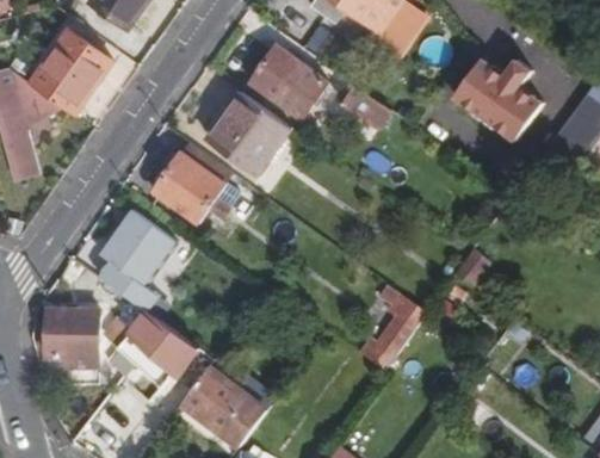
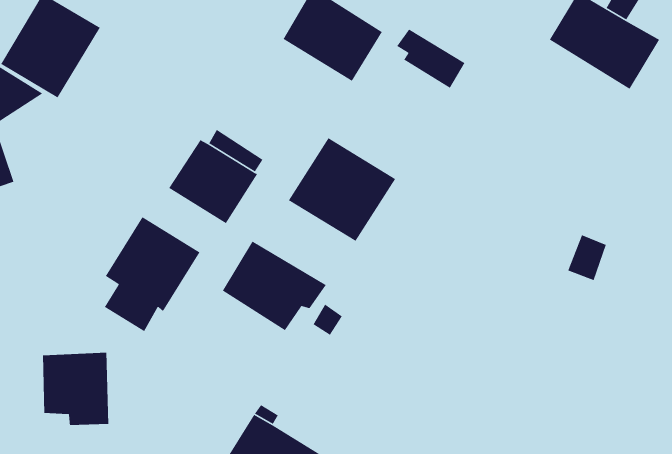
building: [208,92,292,174] -> [288,137,396,242]
building: [364,286,425,370] -> none
building: [117,310,198,382] -> [222,241,327,331]

